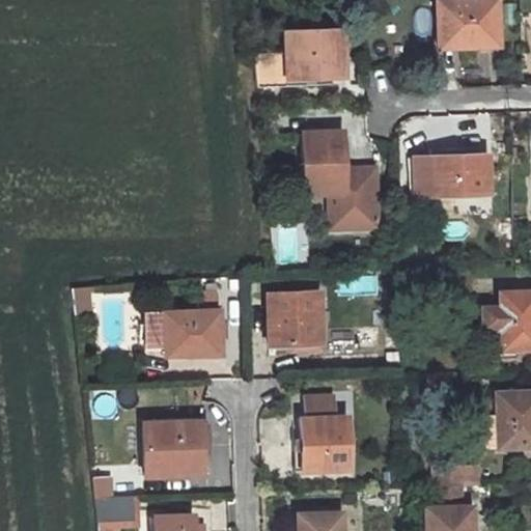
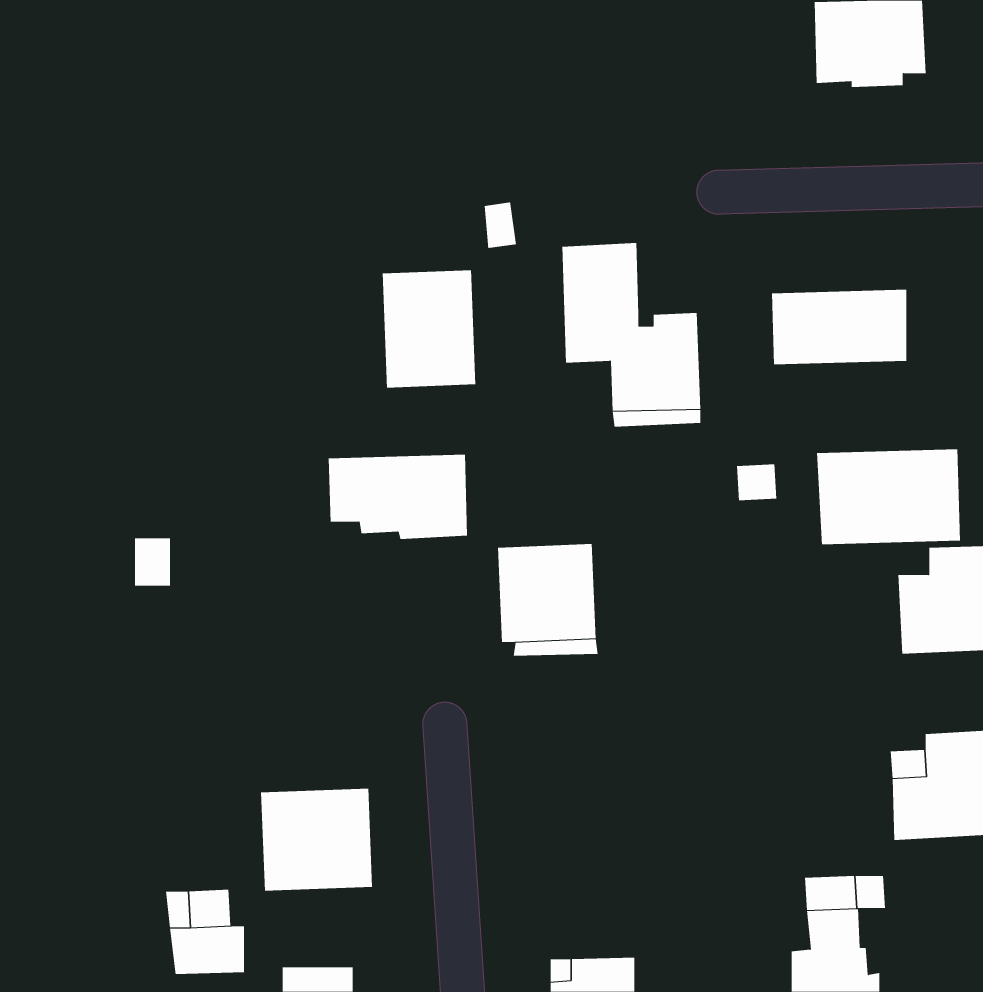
building: [257,29,346,86] -> none
building: none -> [382,269,476,388]
building: none -> [817,449,961,545]
building: [147,310,222,356] -> [328,454,468,540]
building: [303,395,352,470] -> none

